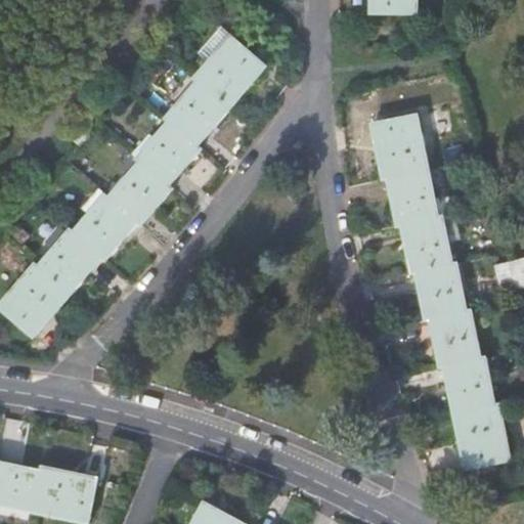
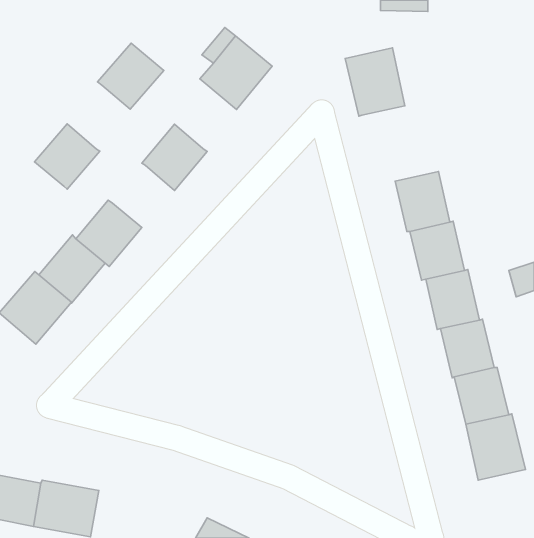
building: [166,80,230,144] -> [98,43,164,109]
building: [368,111,427,177] -> [345,48,405,116]
building: [110,161,173,224] -> [35,124,100,189]

